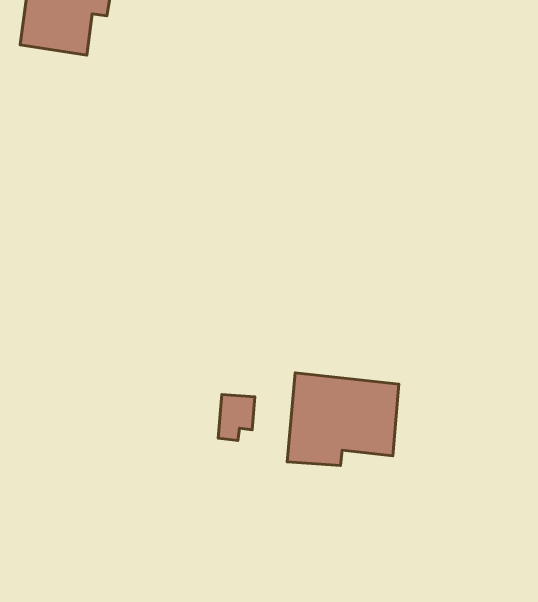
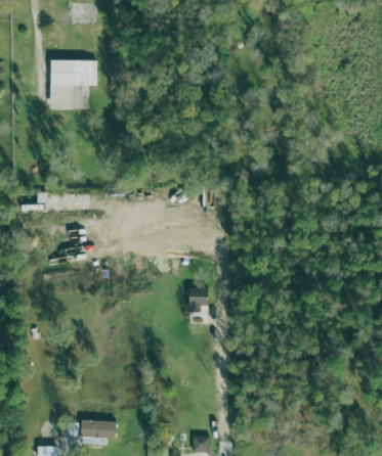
building: [287,373,399,466] -> none

